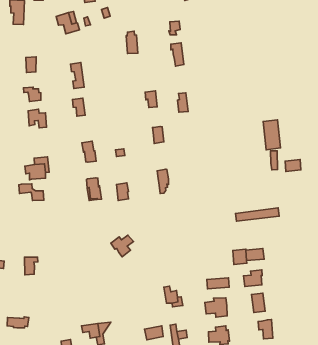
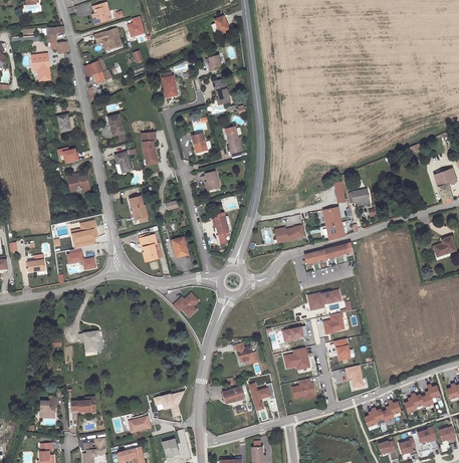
building: none -> [142,133,160,167]
building: [263,120,280,150] -> [322,206,345,240]
building: none -> [274,224,304,244]

